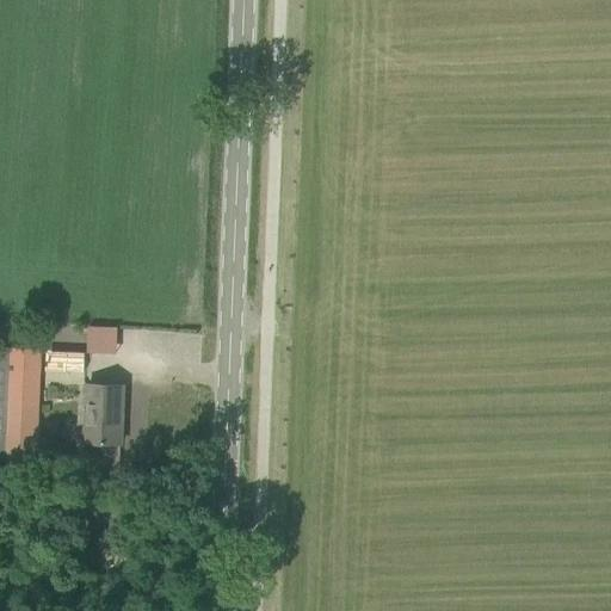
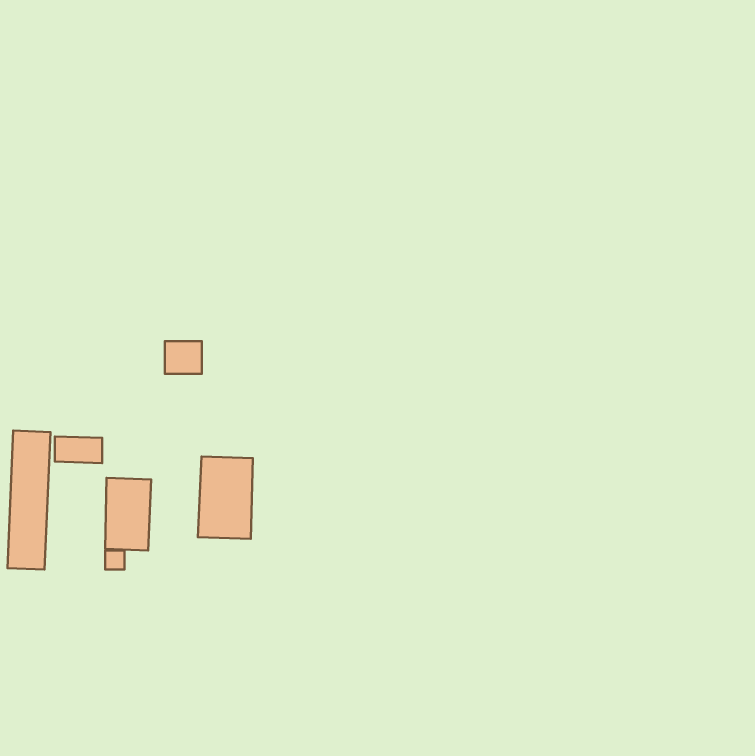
building: [85,325,115,351] -> [165,341,202,374]
building: none -> [198,456,253,539]

